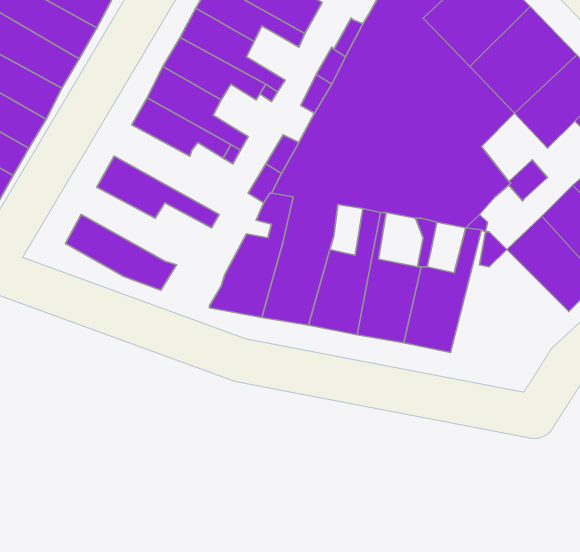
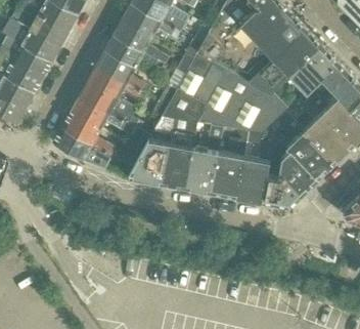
building: none -> [79,81,138,128]
building: none -> [61,114,116,156]
building: none -> [256,151,318,207]

